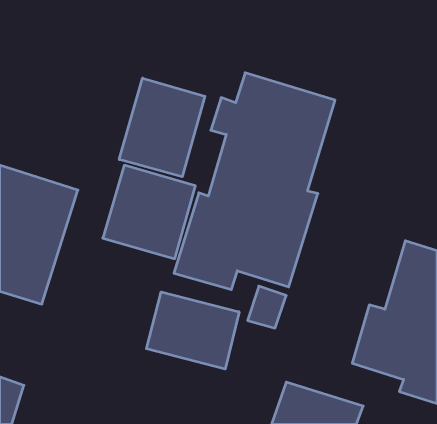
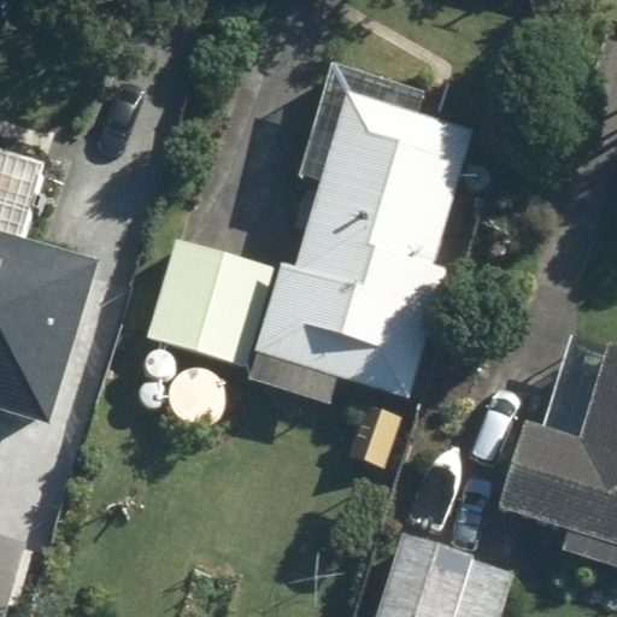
building: [119,78,205,177] -> none
building: [146,292,239,369] -> none

